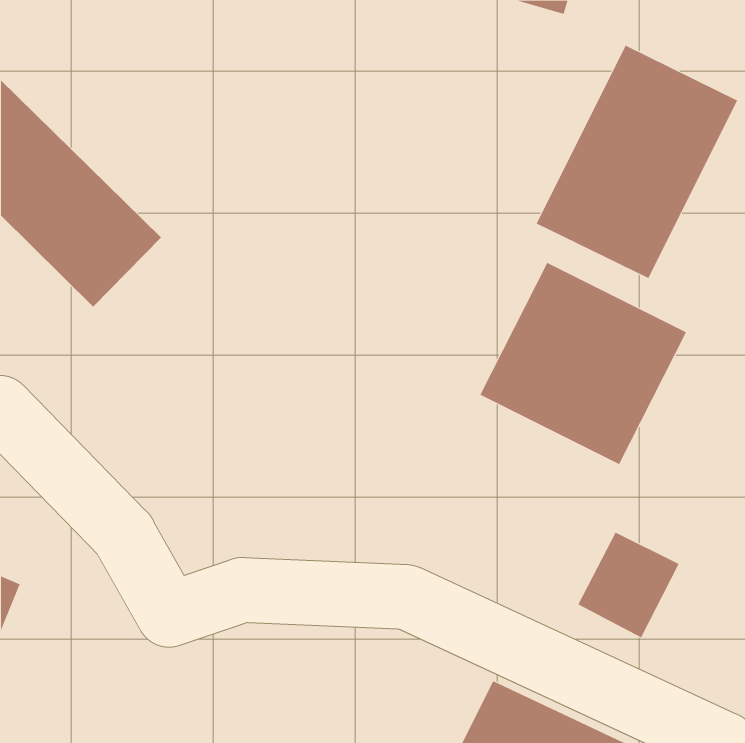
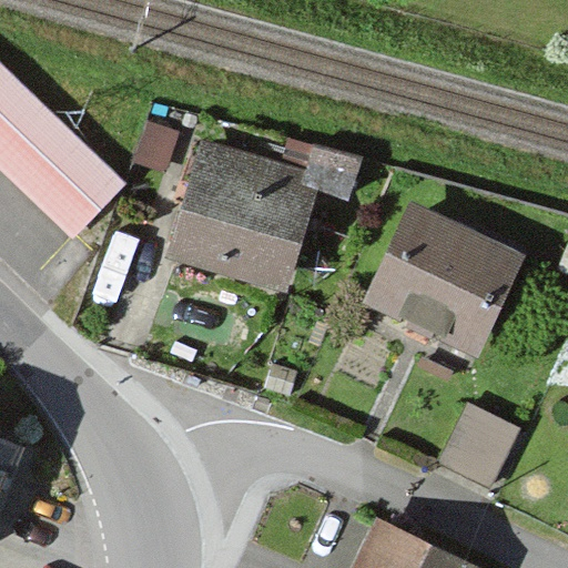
building: [536,45,738,279] -> none
building: none -> [172,143,316,288]

